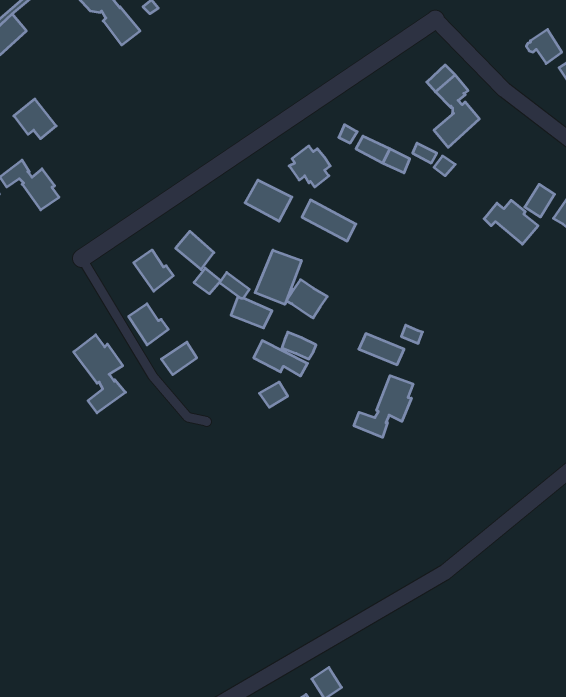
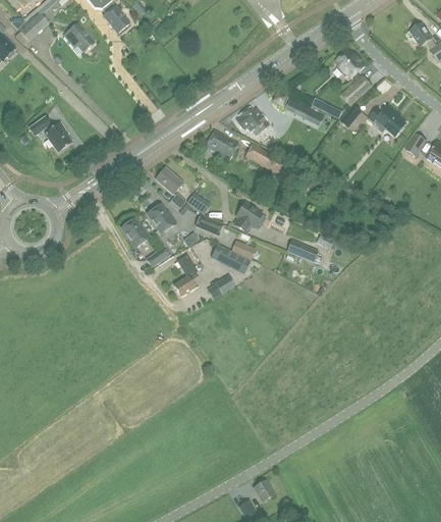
building: [14,99,56,139] -> [63,22,94,51]
building: [484,200,538,244] -> [368,104,406,136]
building: [134,250,173,291] -> [147,204,175,233]
building: [255,250,301,304] -> none
building: [74,335,126,413] -> none
building: none -> [173,254,198,296]
building: [354,376,413,437] -> none

